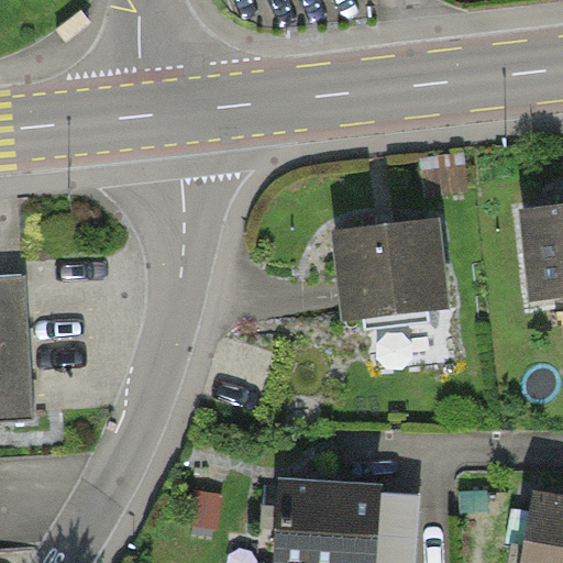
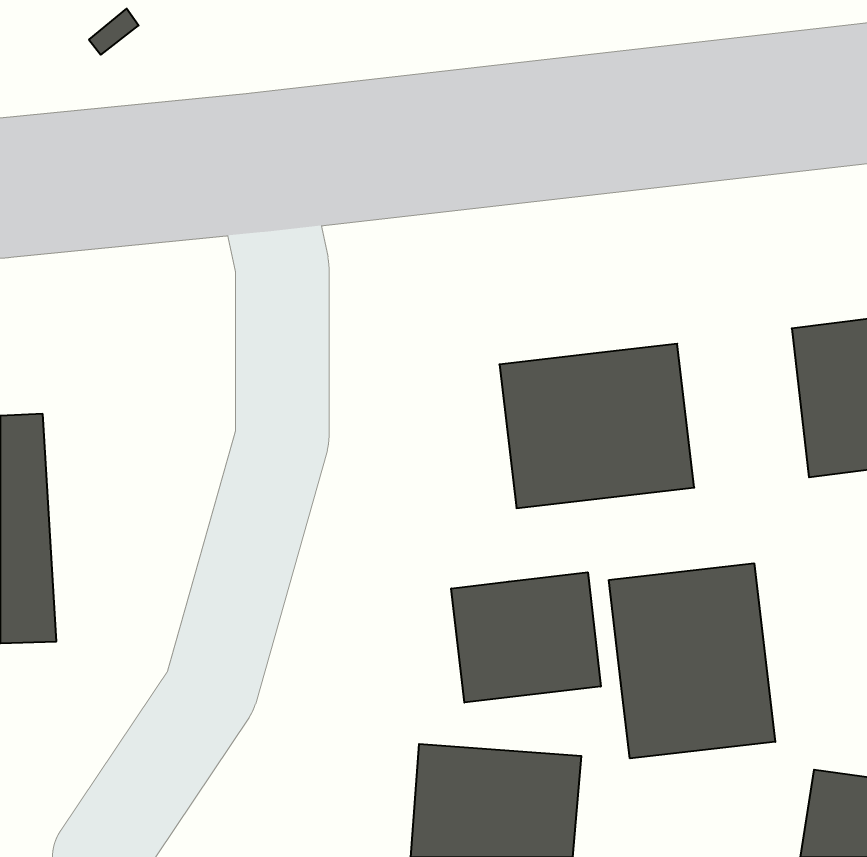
building: none -> [609,563,775,758]
building: none -> [451,572,601,703]

